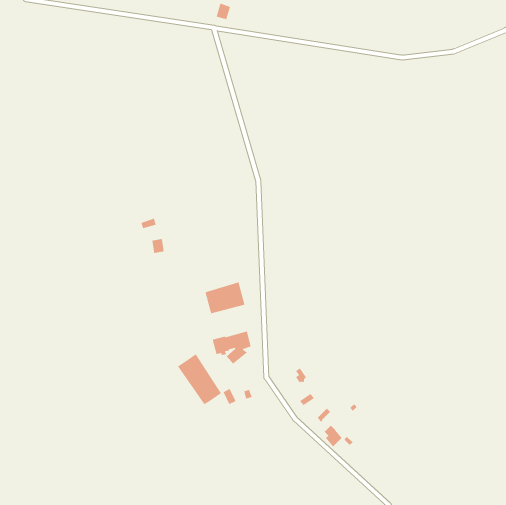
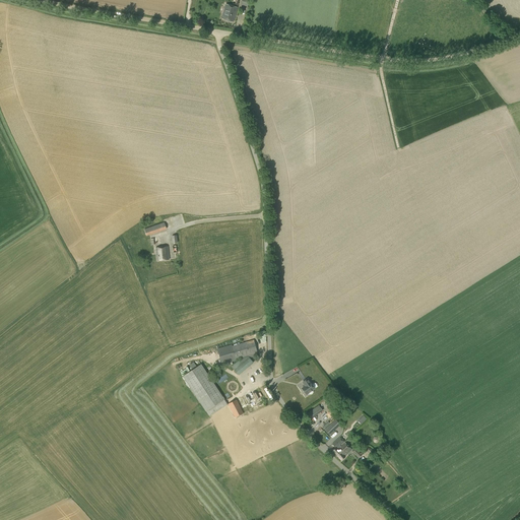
building: [205,281,245,314] -> none

